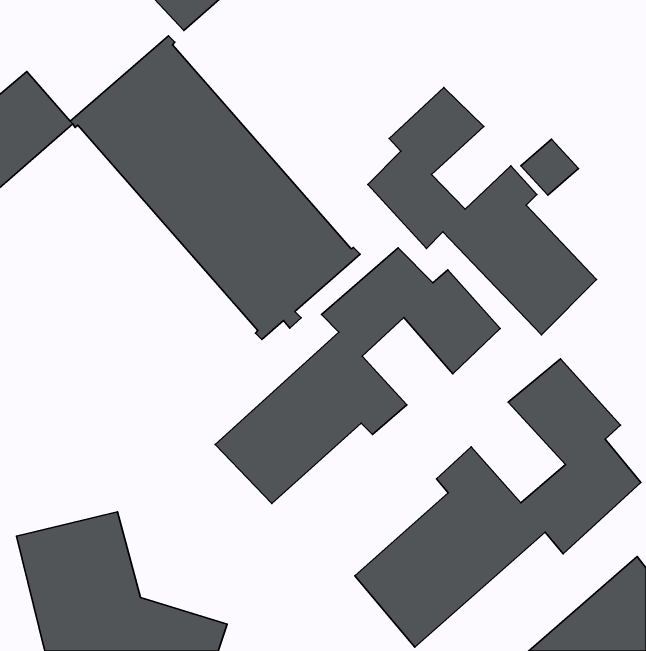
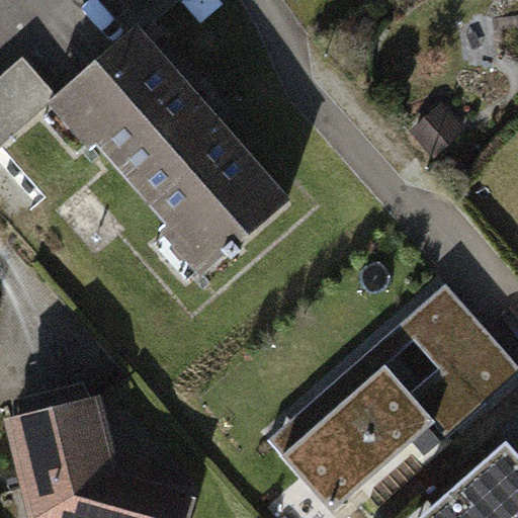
building: [368,88,597,335] -> none
building: [215,248,500,503] -> none

